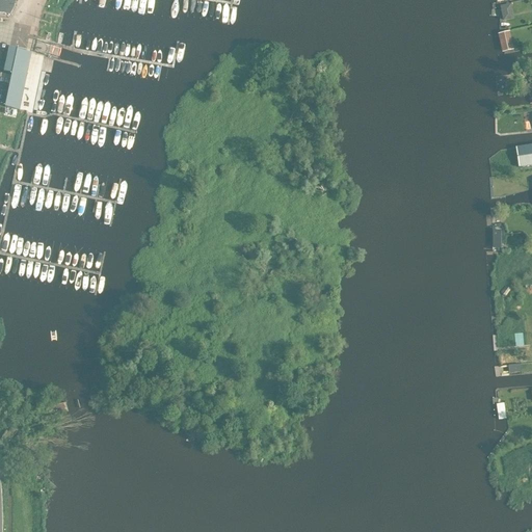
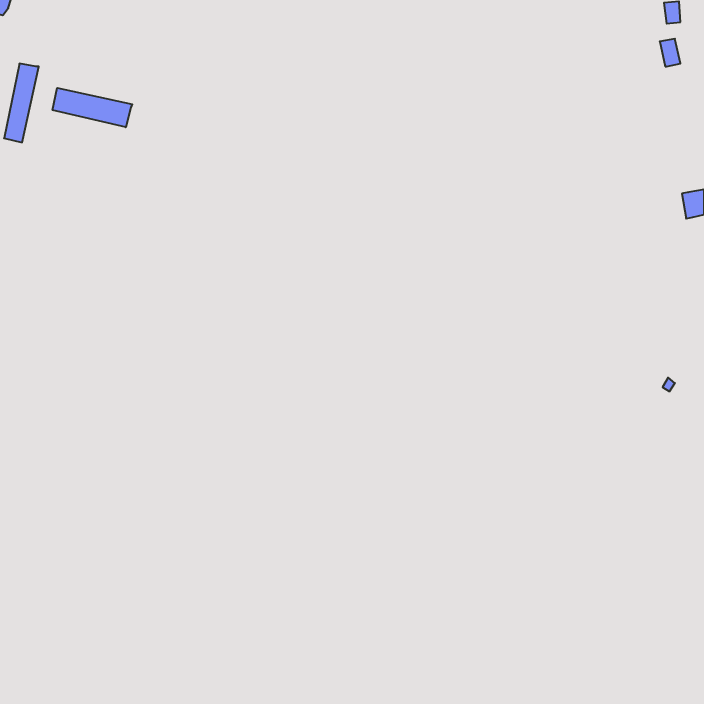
building: none -> [53,88,132,127]

